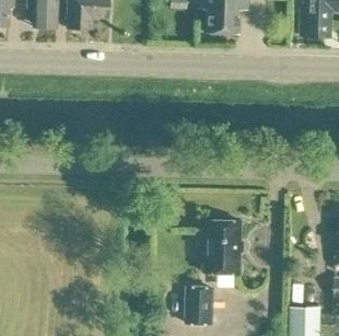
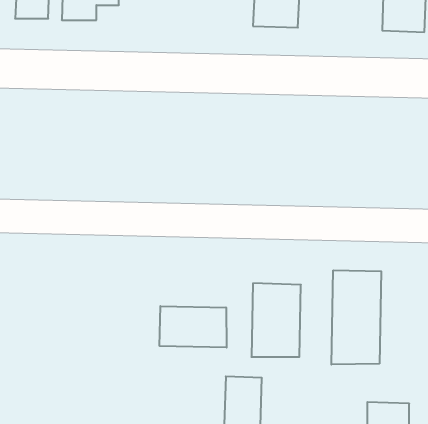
building: none -> [331,270,381,365]
building: none -> [160,306,227,348]

